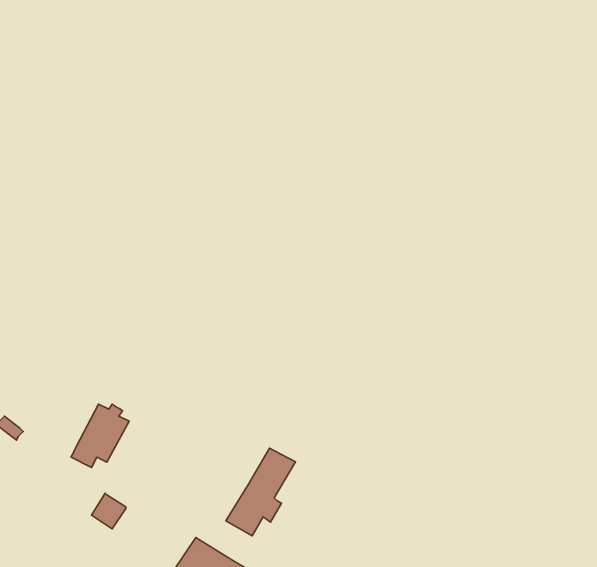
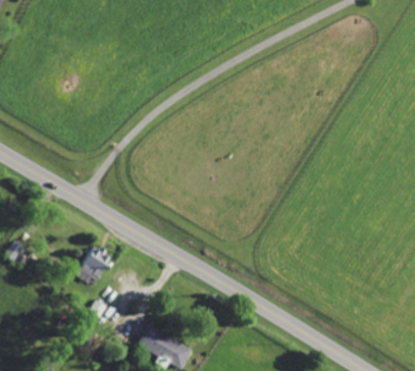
building: [226,448,295,536] -> none

